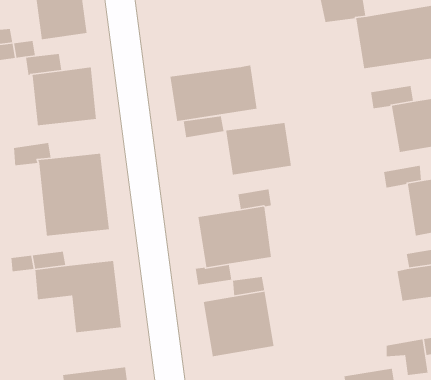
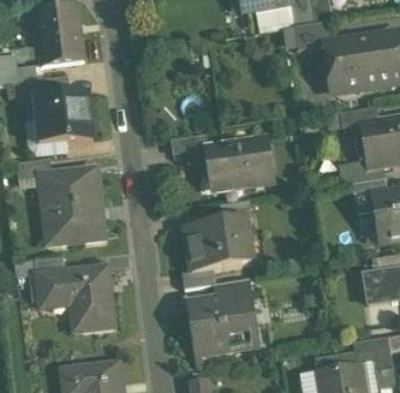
building: [170,65,258,122] -> none

